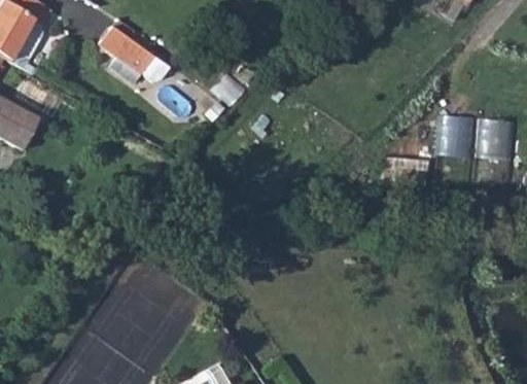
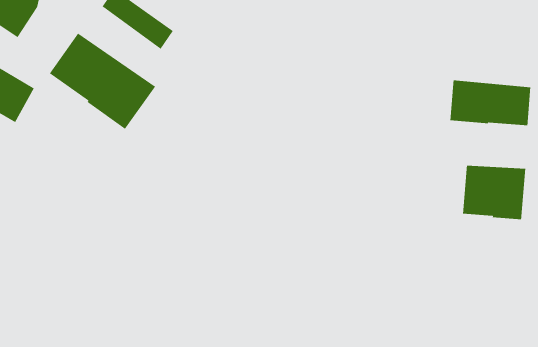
building: none -> [49,32,156,130]
building: none -> [462,165,526,220]

